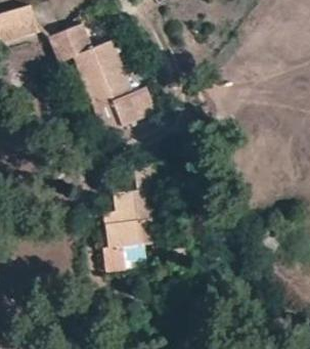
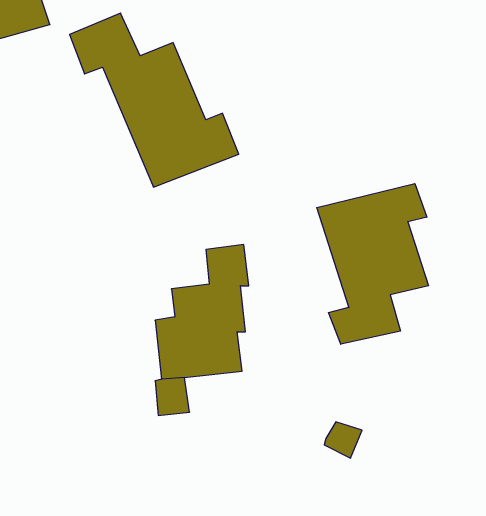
building: none -> [317,184,428,344]

